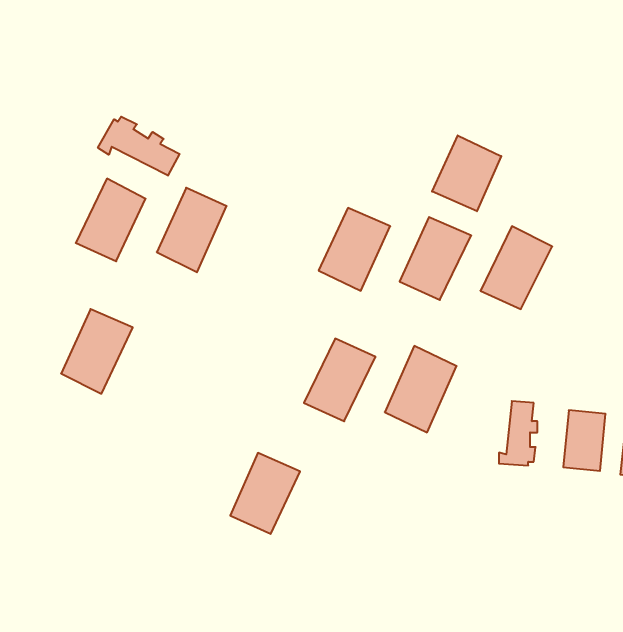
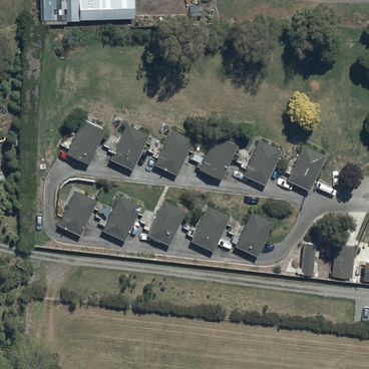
building: [98,117,180,176] -> none
building: [432,135,501,211] -> none
building: none -> [154,130,194,175]
building: none -> [102,196,141,241]
building: [230,453,300,534] -> [147,202,186,246]

